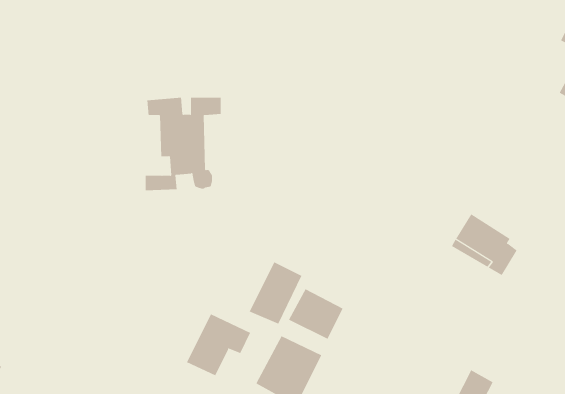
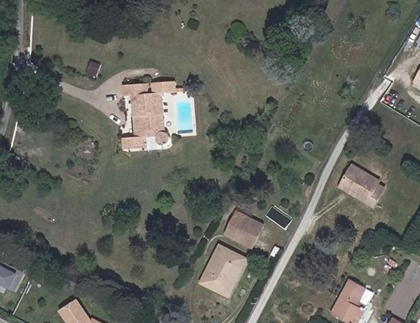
building: [249,261,302,325] -> none
building: [186,313,251,376] -> none

